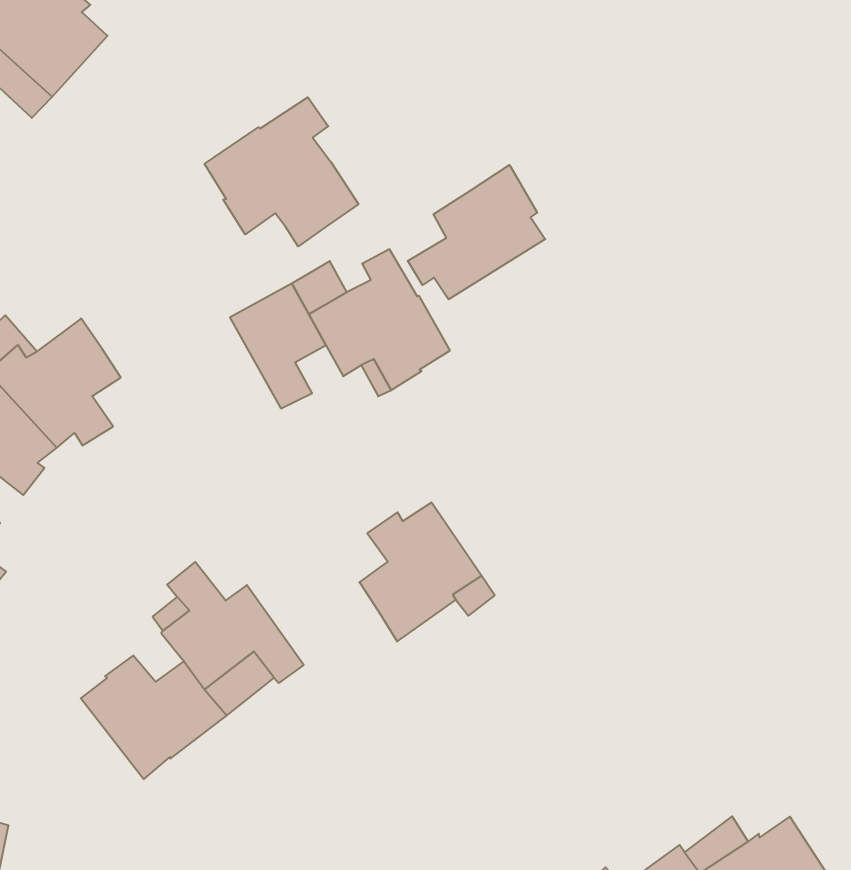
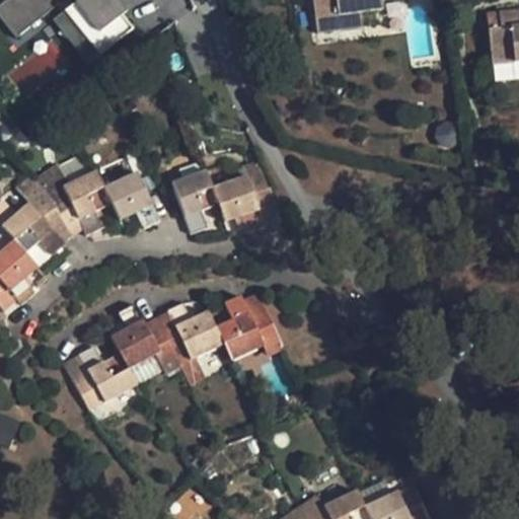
building: [205,97,358,246] -> none
building: [408,165,545,299] -> none
building: none -> [103,170,159,228]
building: none -> [157,302,222,384]

